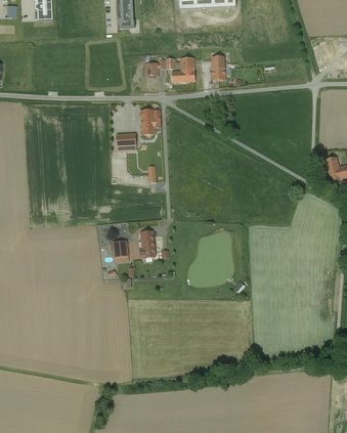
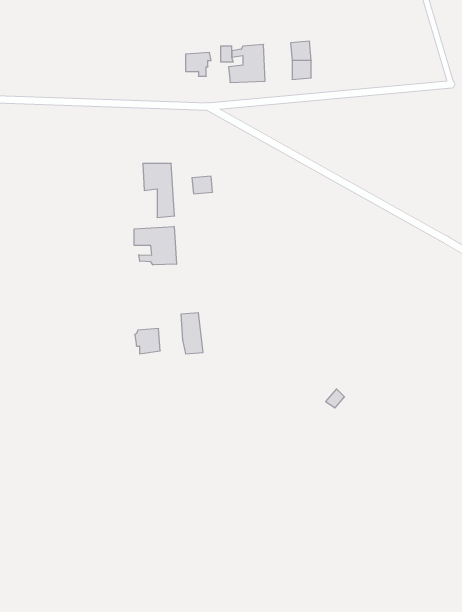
building: [140,110,160,134] -> none
building: none -> [134,226,176,265]

